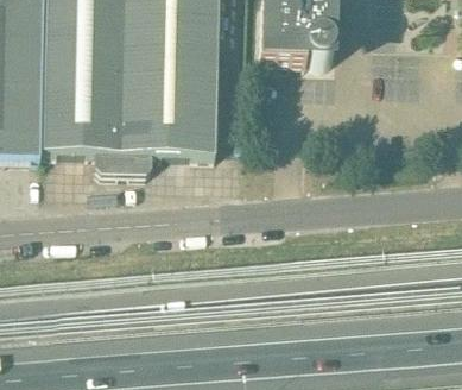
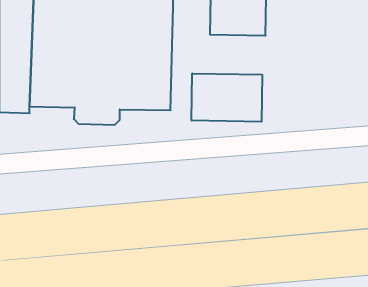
building: none -> [192,73,262,122]

